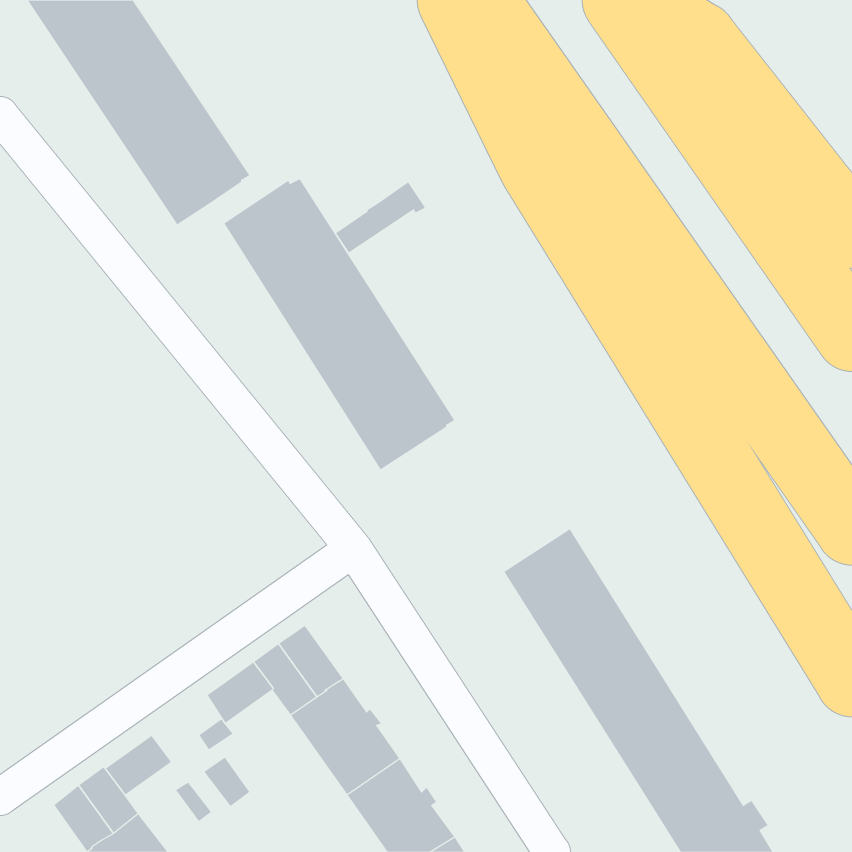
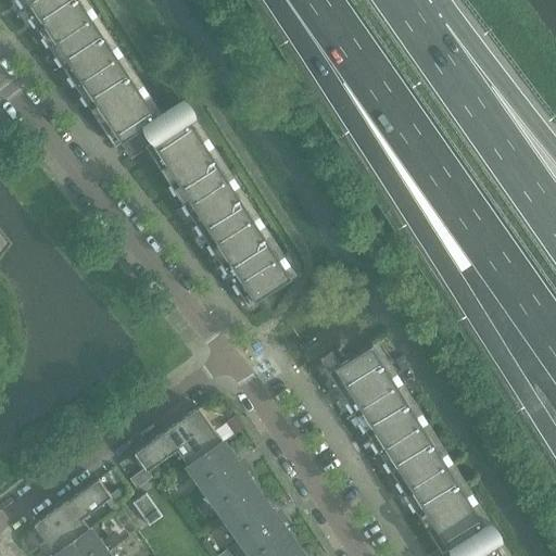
building: [335,181,425,253] -> [137,99,195,146]

